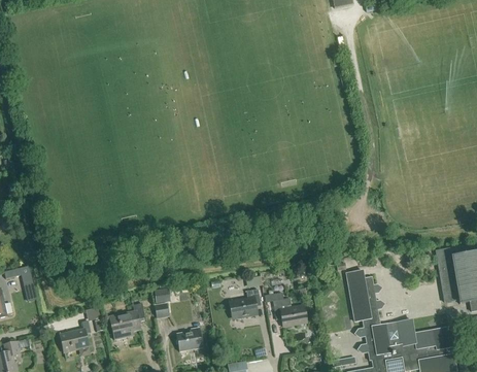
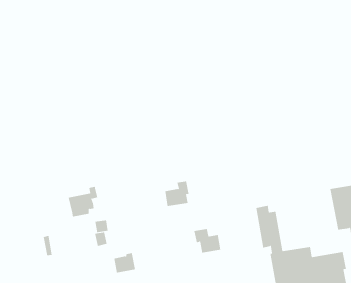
building: [231,288,261,318] -> [164,181,189,207]
building: [108,302,144,339] -> [68,186,98,217]
building: [59,319,91,350] -> none

